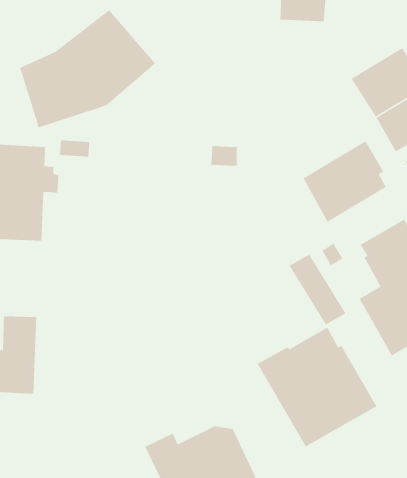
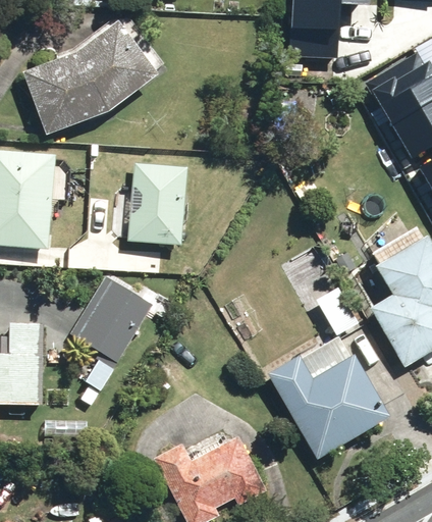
building: [302,140,387,223] -> none
building: none -> [110,162,186,247]
building: none -> [67,273,153,407]

